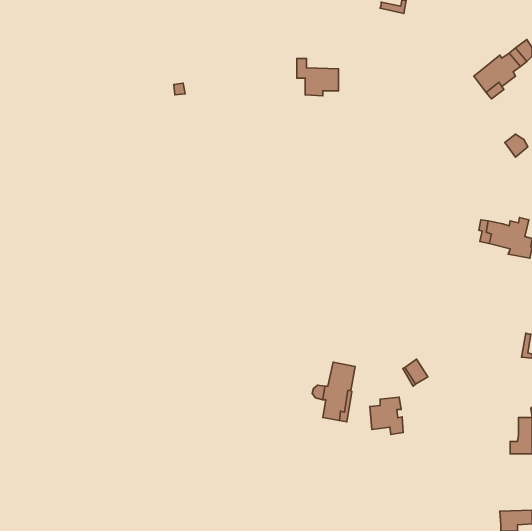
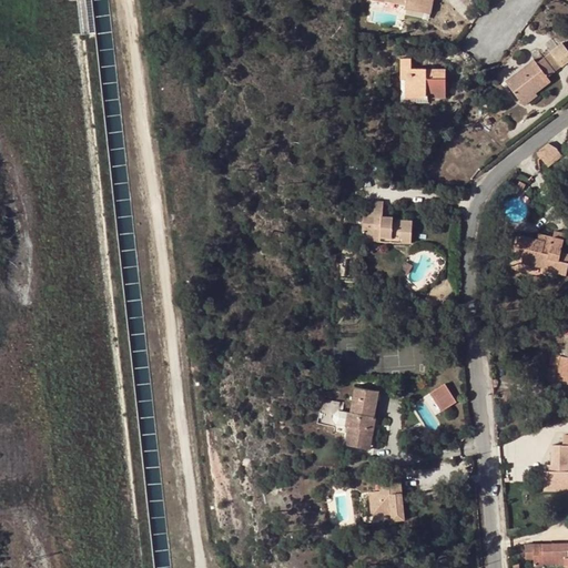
building: [297,58,339,96] -> [400,59,445,99]
building: none -> [362,201,410,244]
building: [370,397,403,435] -> [369,483,405,523]

